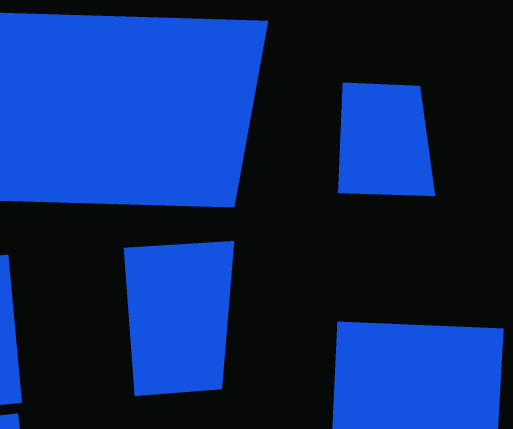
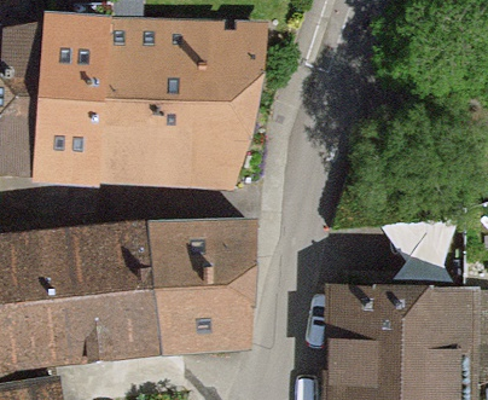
building: [337,82,436,197] -> none
building: none -> [40,224,150,361]

